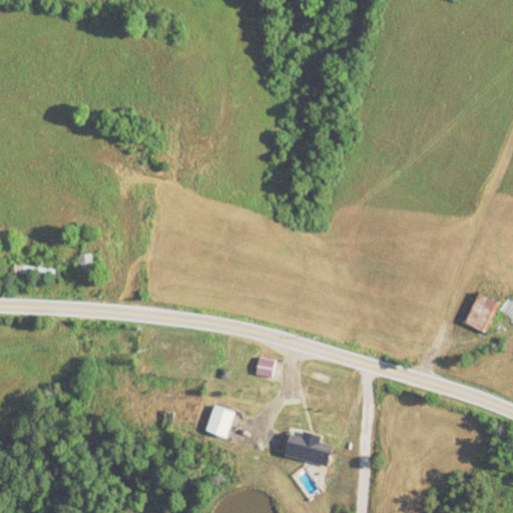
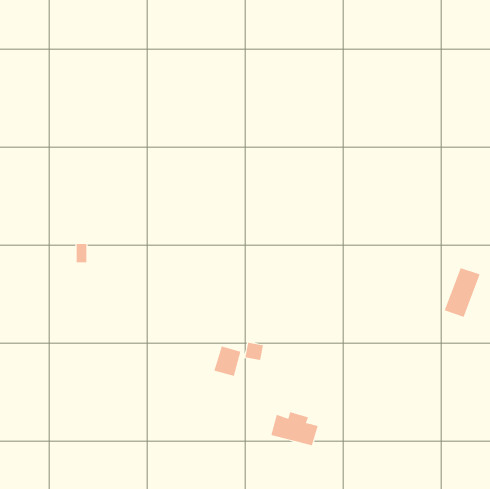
building: [205,406,234,438] -> [213,346,241,376]

